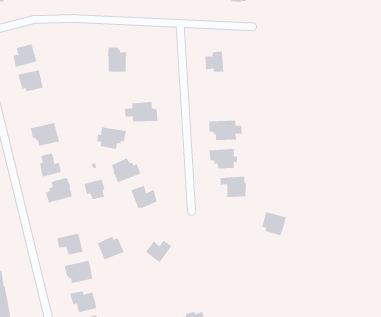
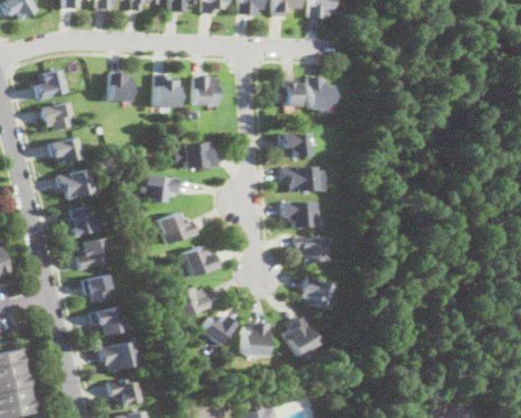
building: none -> [109,74,134,101]
building: none -> [193,76,219,105]
building: none -> [307,76,335,112]
building: none -> [280,133,309,158]
building: none -> [50,137,82,164]
building: [84,179,106,200] -> [83,275,111,301]
building: [261,212,287,236] -> [301,278,333,308]
building: [97,236,125,260] -> [174,287,209,317]
building: none -> [284,316,319,357]
building: none -> [243,322,269,356]

